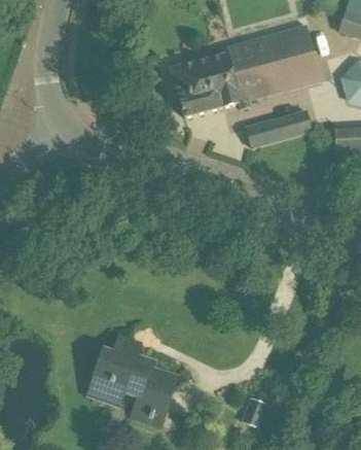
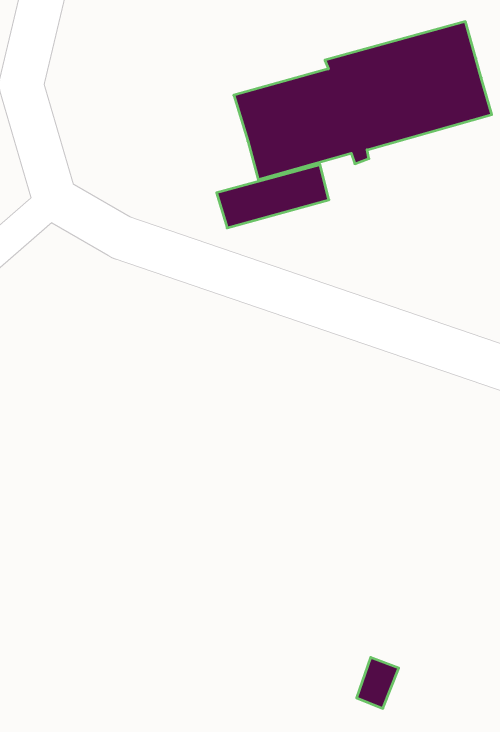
building: [245,110,311,147] -> [217,165,329,228]
building: [87,336,177,426] -> none

